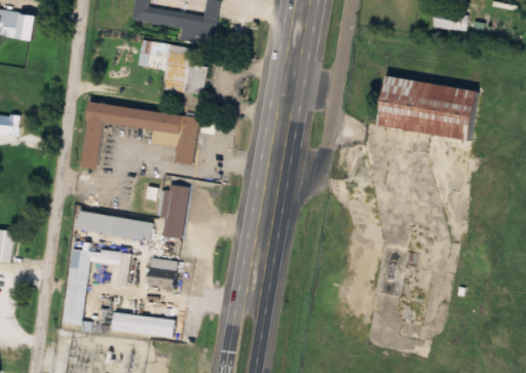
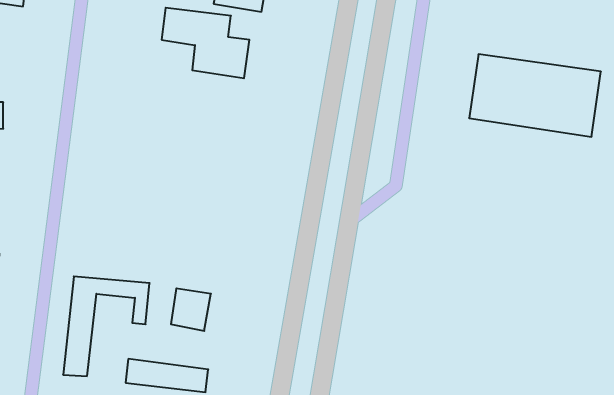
building: [81,99,200,165] -> none
building: [158,184,189,239] -> none
building: [75,212,151,240] -> none

